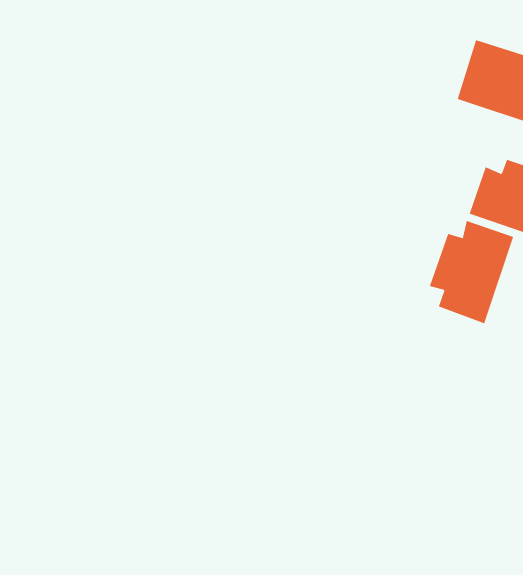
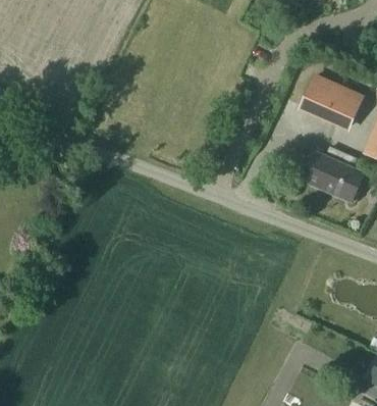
building: [429,220,514,324] -> none

